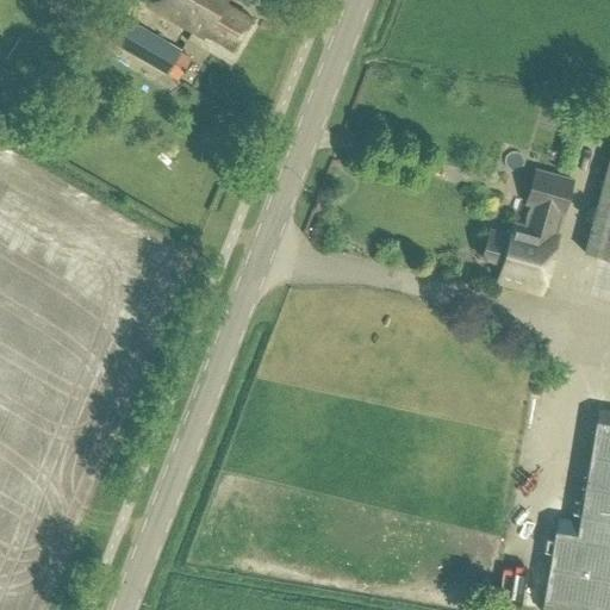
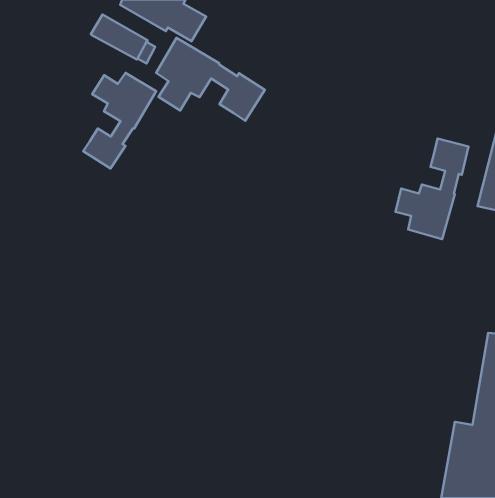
building: none -> [156,38,265,121]
building: none -> [83,73,156,169]

